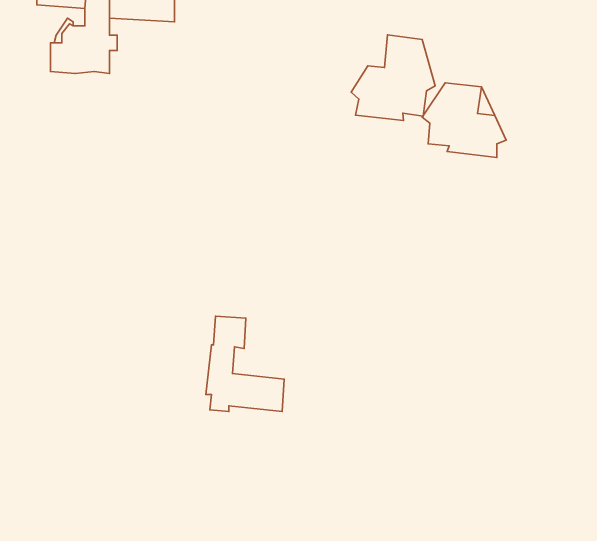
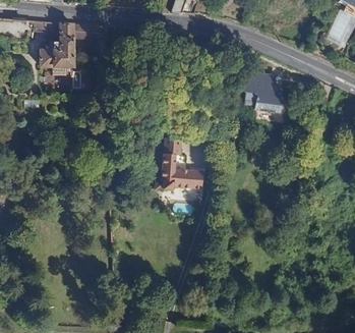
building: [351,35,435,121] -> none
building: [206,316,284,412] -> [159,137,200,188]

